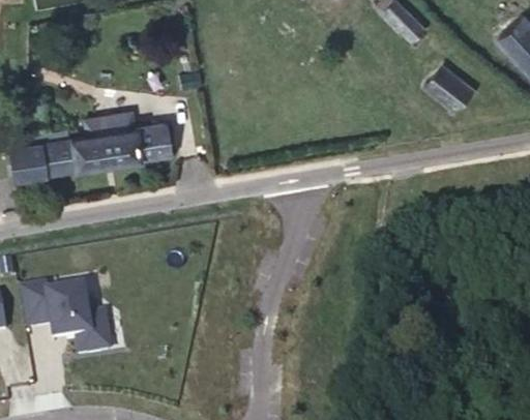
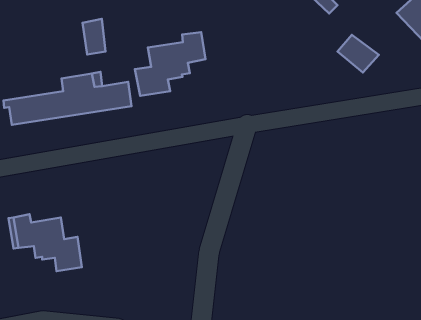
building: none -> [82,19,105,54]
building: none -> [135,32,206,96]

